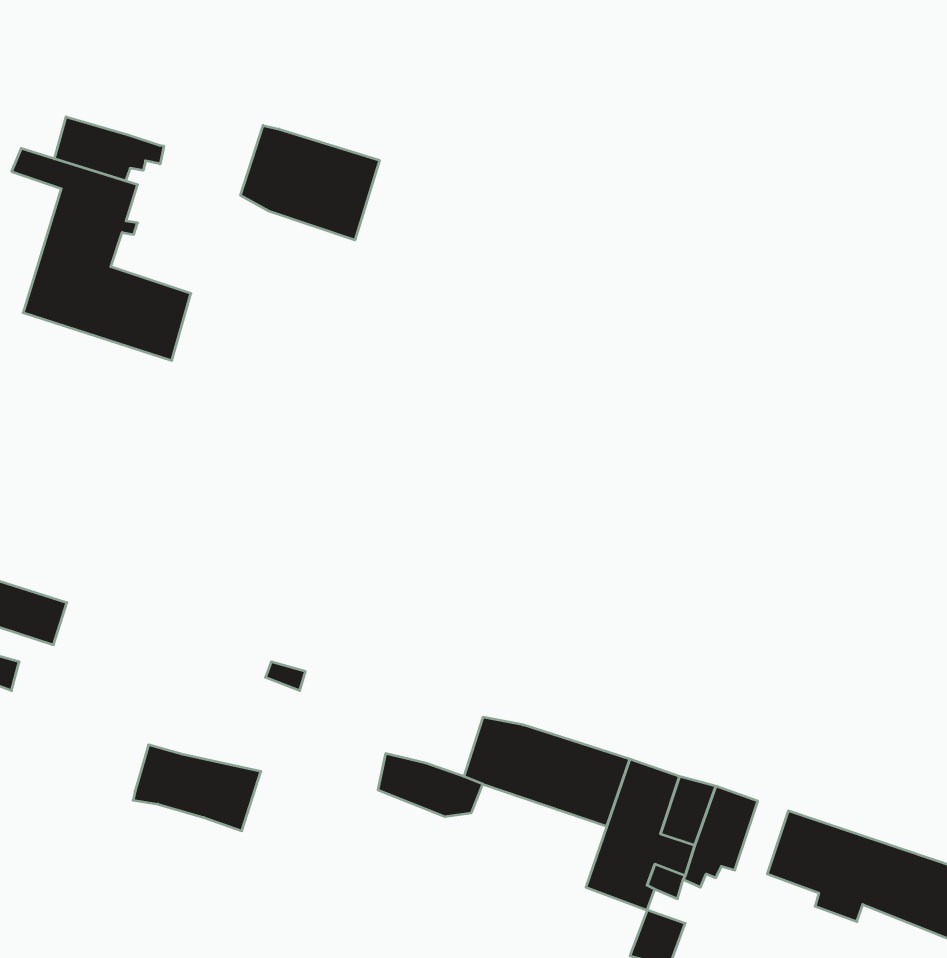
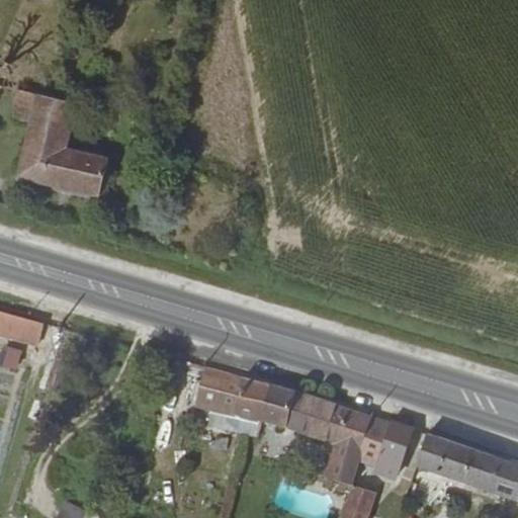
building: [54,117,164,181] -> none
building: [241,125,379,240] -> none
building: [133,745,261,831] -> [195,369,263,415]

